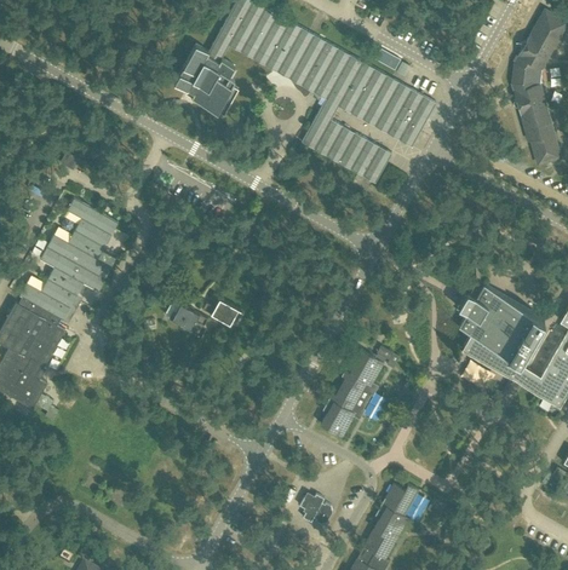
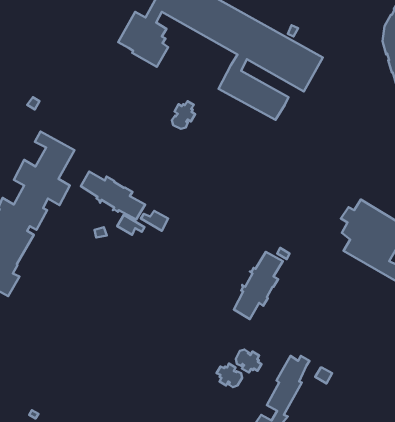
building: none -> [172,101,195,129]
building: none -> [81,171,145,220]
building: none -> [236,349,261,372]

